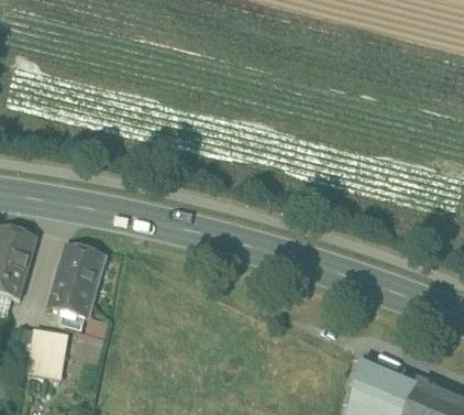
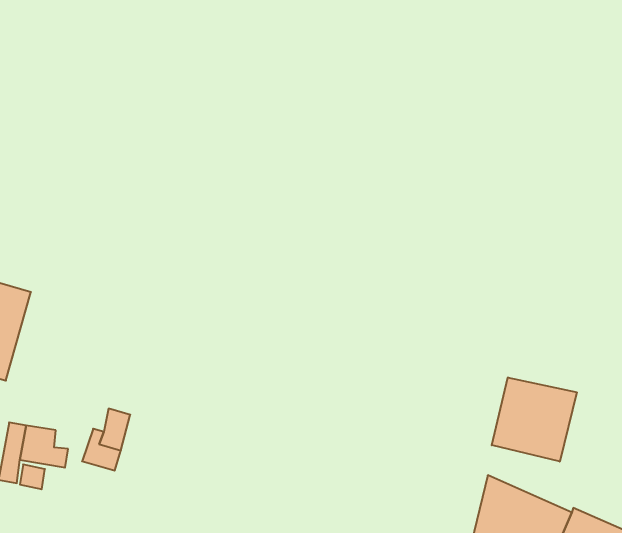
building: [48,241,106,314] -> none
building: none -> [492,377,577,462]

